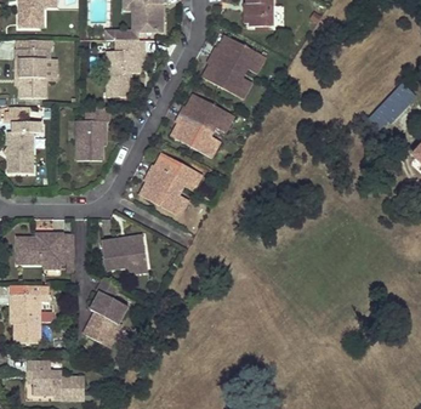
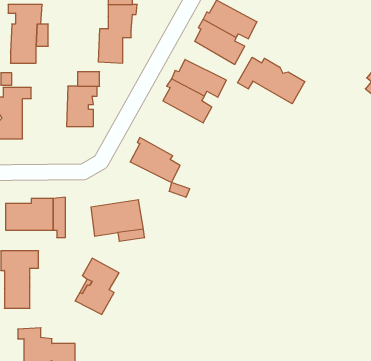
building: none -> [238,57,305,104]
building: [148,153,203,192] -> none

